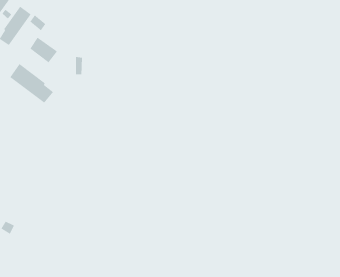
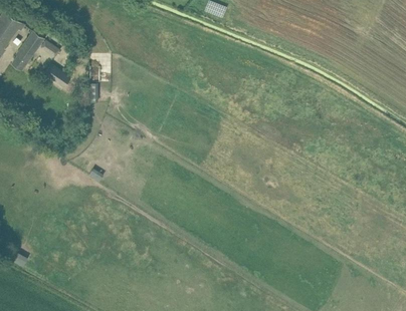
building: [9,63,54,104] -> none

